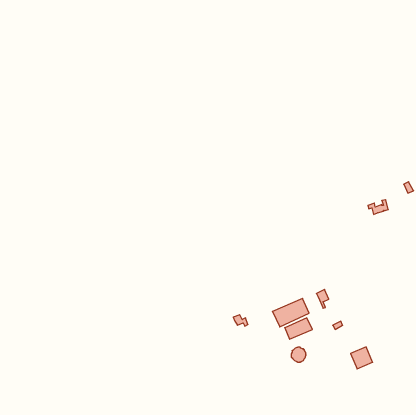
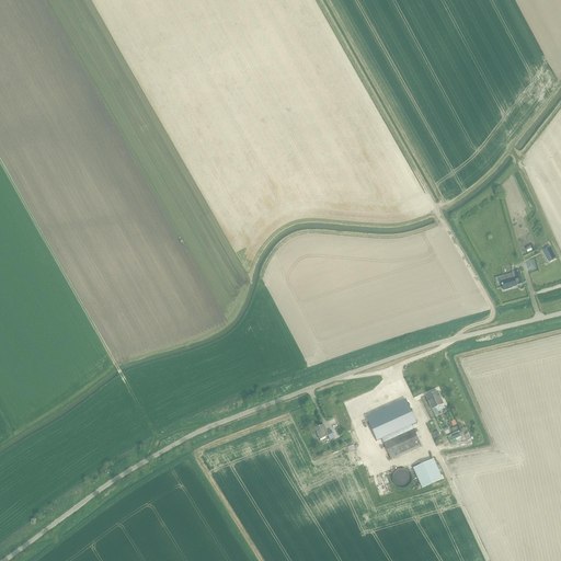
building: [351,347,373,369] -> [412,457,442,486]

